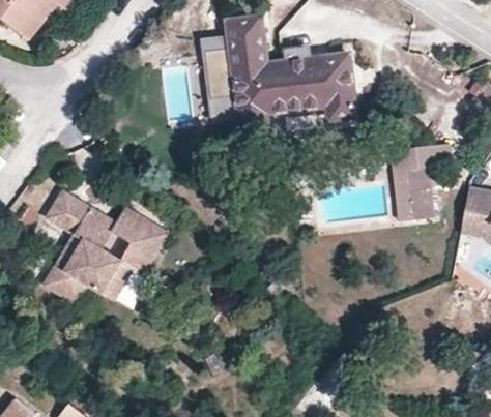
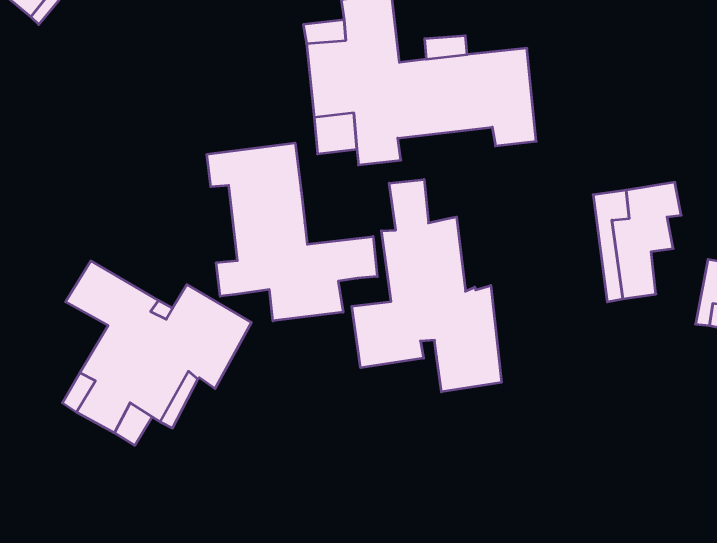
building: none -> [207,143,377,321]
building: none -> [352,179,501,392]

